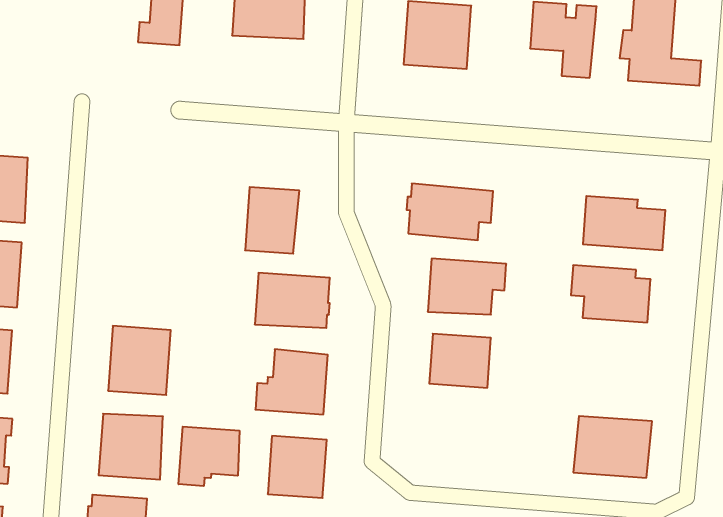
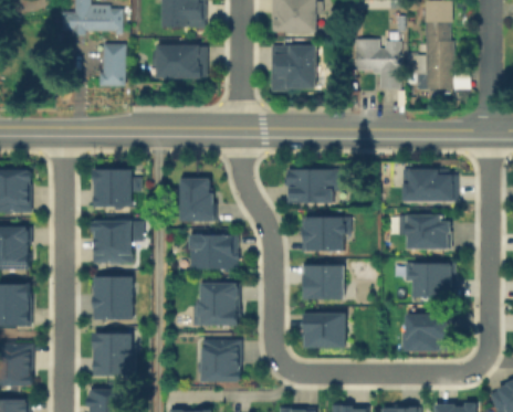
building: none -> [90,168,128,205]
building: none -> [93,220,130,263]
building: none -> [413,264,454,297]
building: none -> [302,313,345,348]
building: [179,427,239,486] -> none

